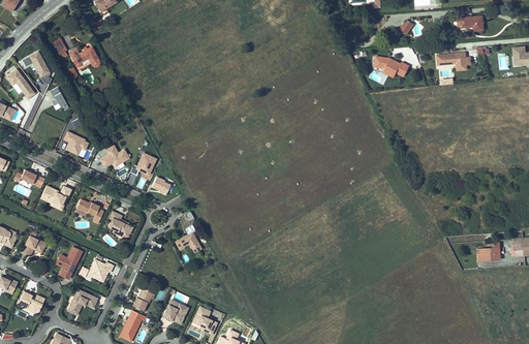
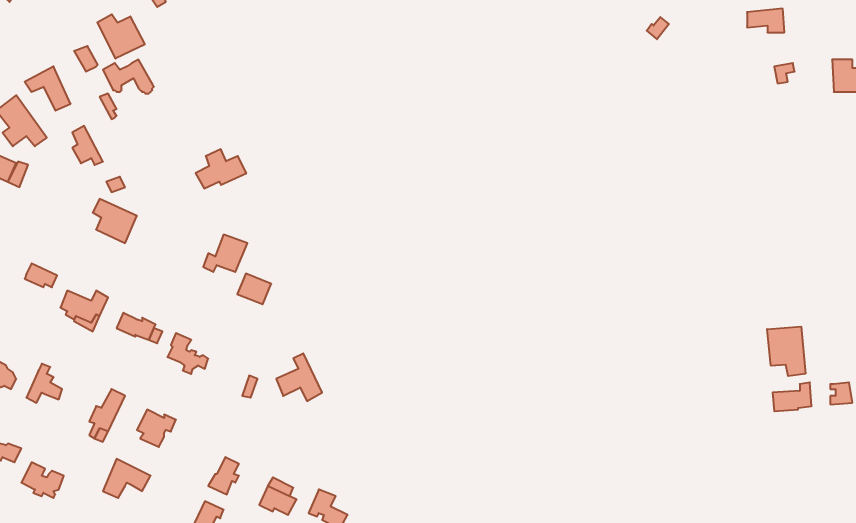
building: none -> [97,14,145,59]
building: [434,51,470,70] -> none
building: [372,55,409,77] -> none
building: [98,144,129,167] -> [196,149,246,188]
building: none -> [767,327,805,376]

